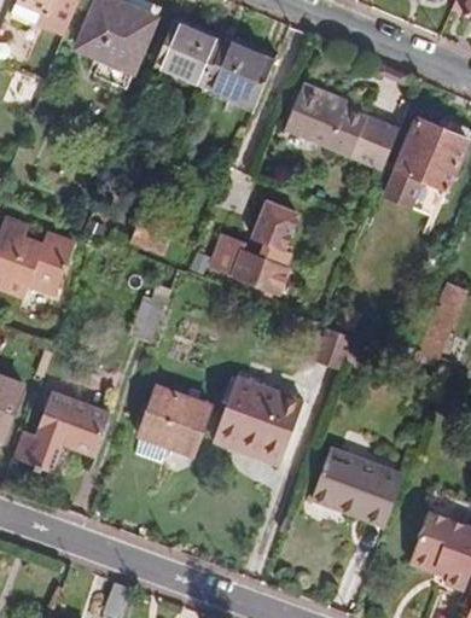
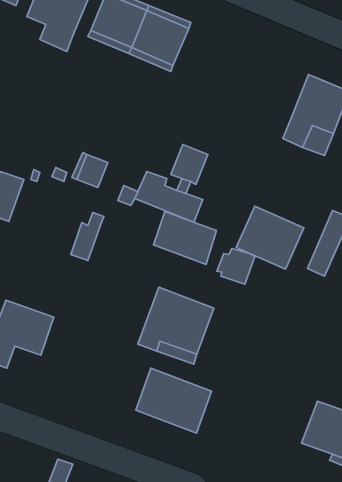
building: [285,83,399,168] -> none
building: none -> [236,206,304,269]
building: none -> [153,212,217,265]
building: [140,386,209,454] -> none
building: [312,448,403,526] -> [136,368,212,433]

